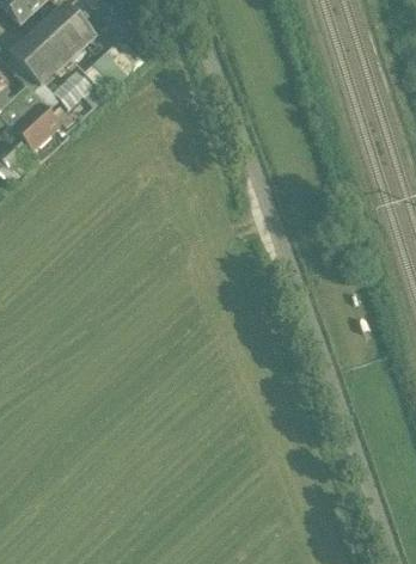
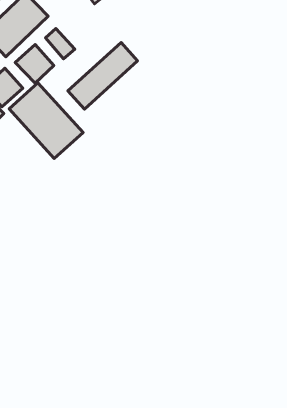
building: none -> [68,43,138,109]
building: none -> [9,83,83,159]

